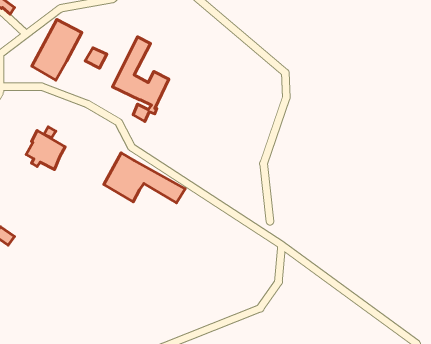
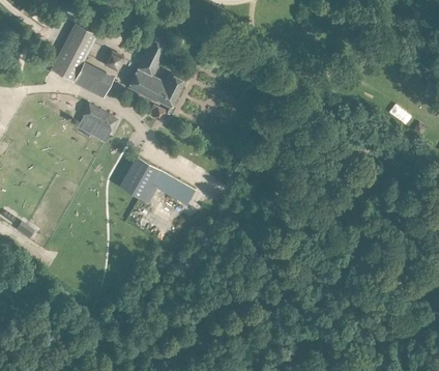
building: none -> [75,63,115,98]
building: [26,131,65,170] -> [78,104,115,141]

